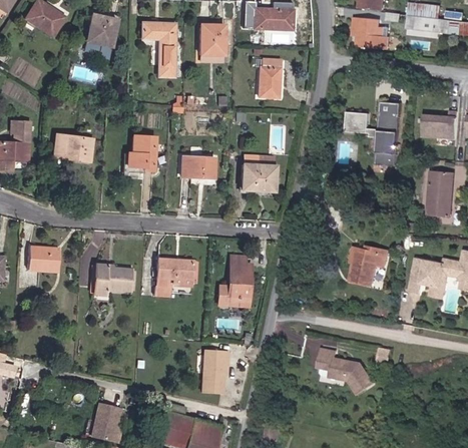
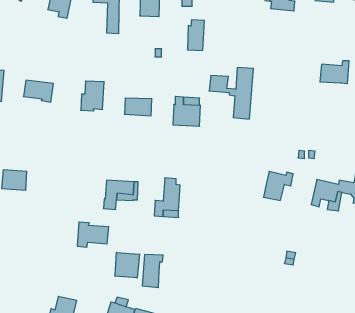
building: [347,101,402,165] -> [209,68,253,119]
building: [429,170,455,216] -> none
building: [93,264,132,295] -> [77,222,109,247]
building: [319,348,375,393] -> none
building: none -> [115,252,139,278]

